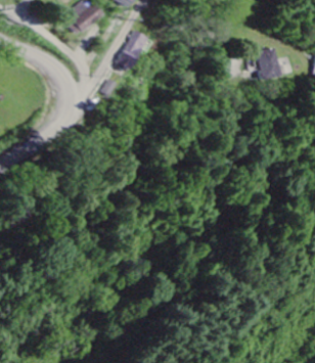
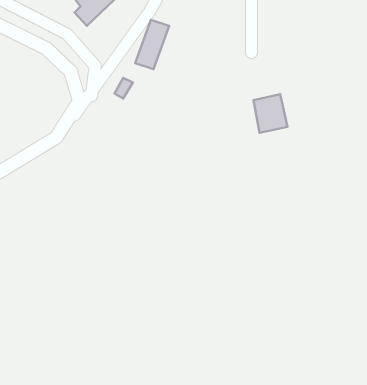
building: [255,47,283,80] -> [253,94,287,133]

